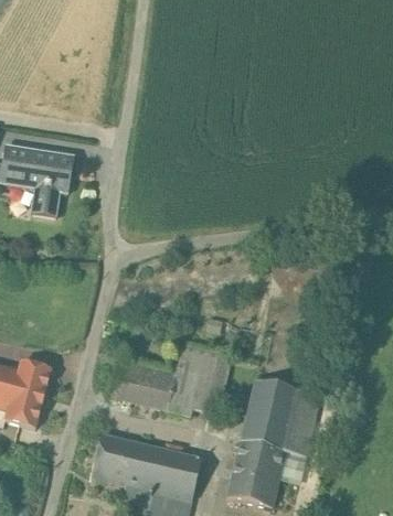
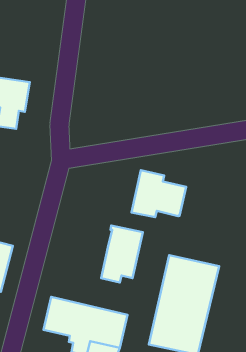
building: none -> [132,170,186,217]
building: [109,358,176,410] -> none

